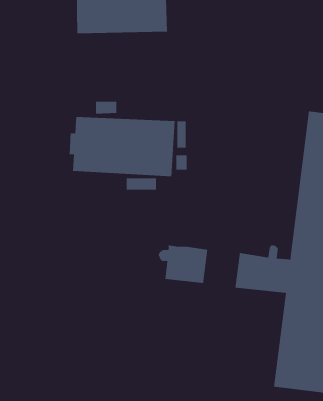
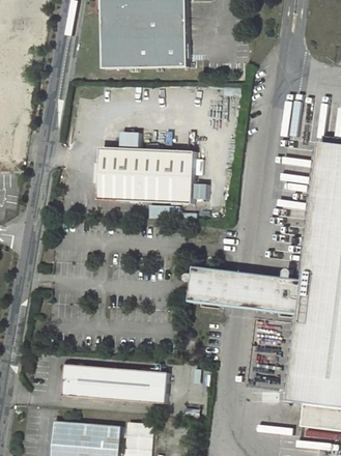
building: none -> [219,272,252,308]
building: none -> [58,364,164,403]

